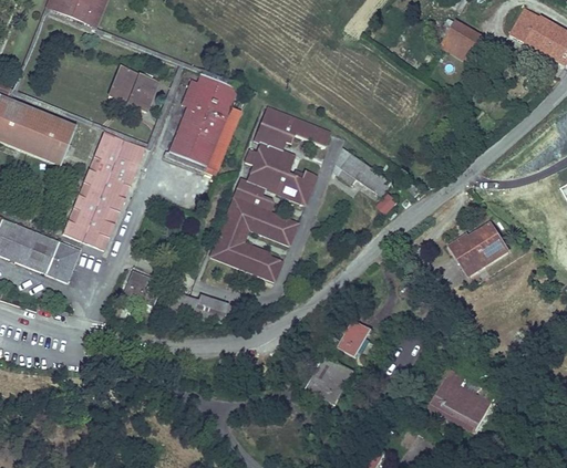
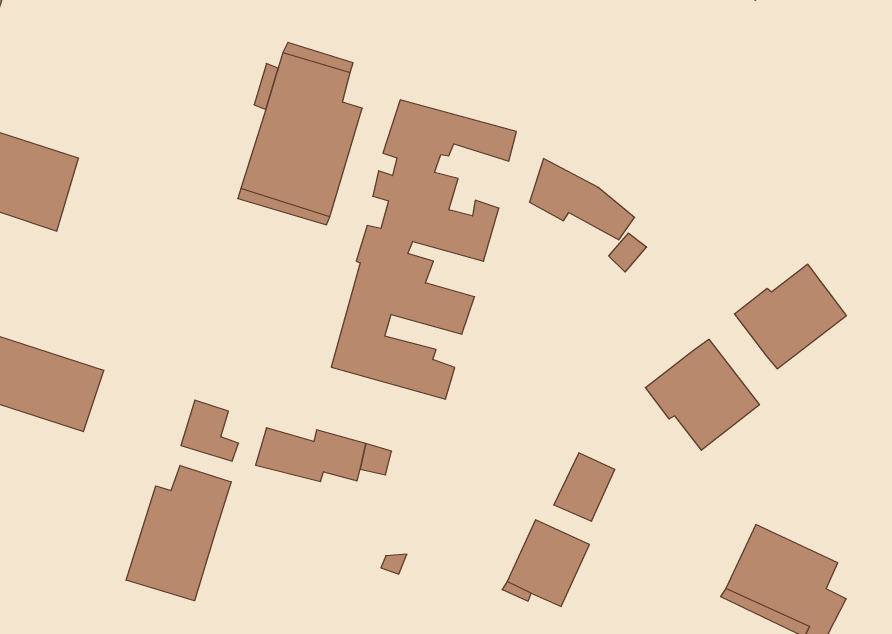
building: [107,66,158,112] -> none
building: [62,132,143,250] -> none
building: none -> [645,339,759,450]
building: none -> [126,465,231,601]

